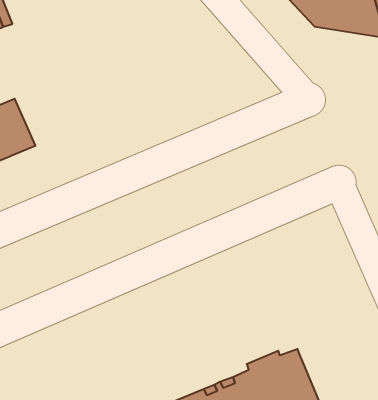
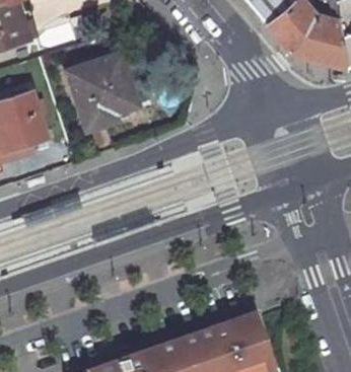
building: none -> [69,54,140,129]

